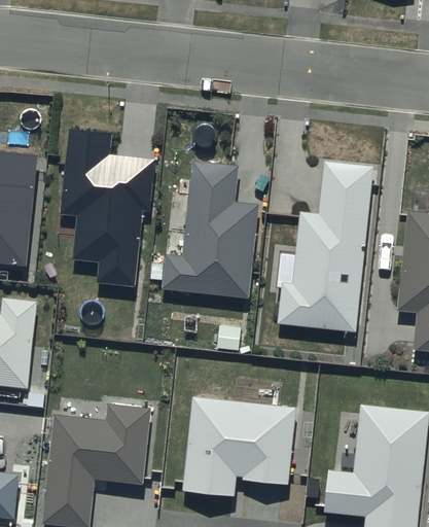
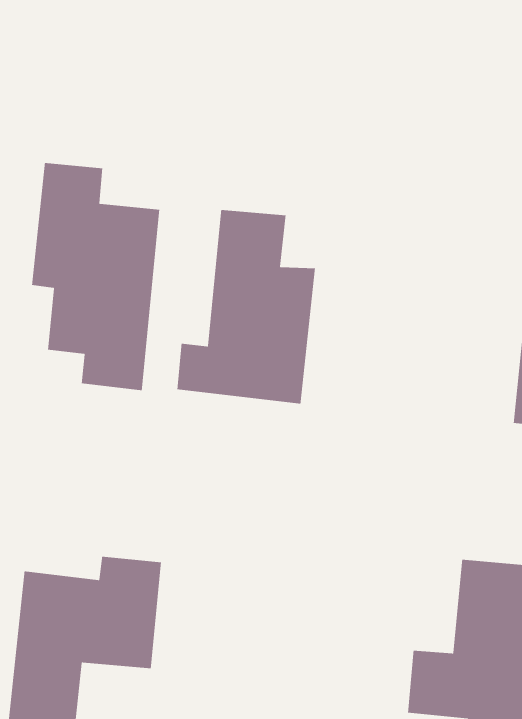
building: [278,163,372,332] -> none
building: [182,397,296,495] -> none

